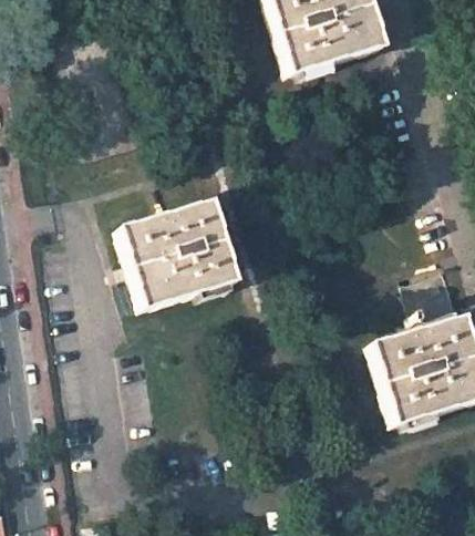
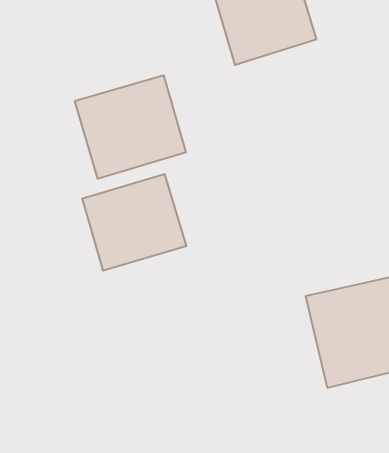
building: none -> [75,75,186,179]

